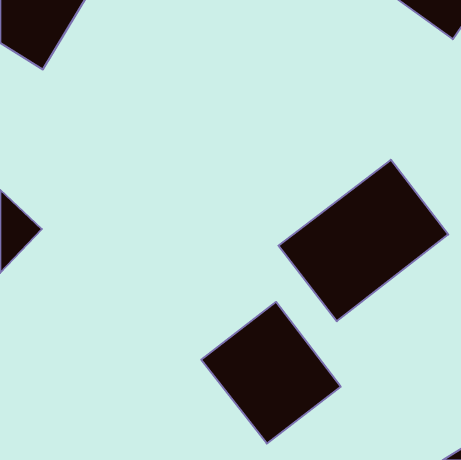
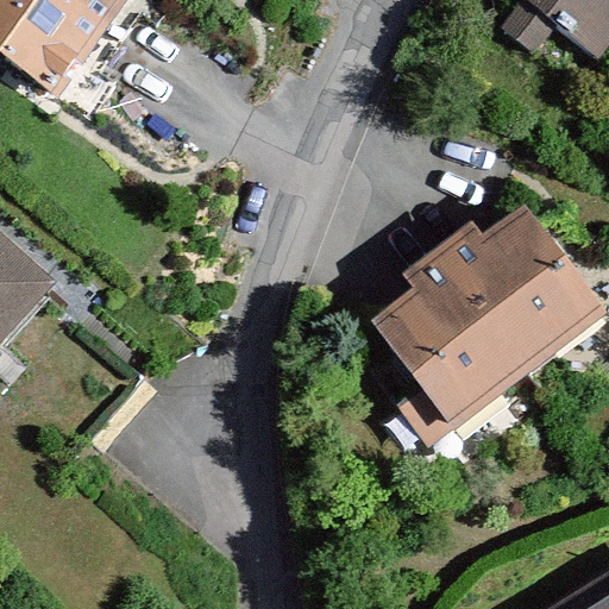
building: [201,302,341,444] -> none

